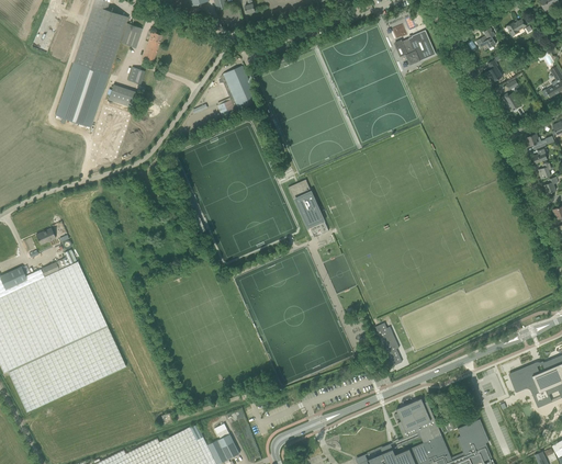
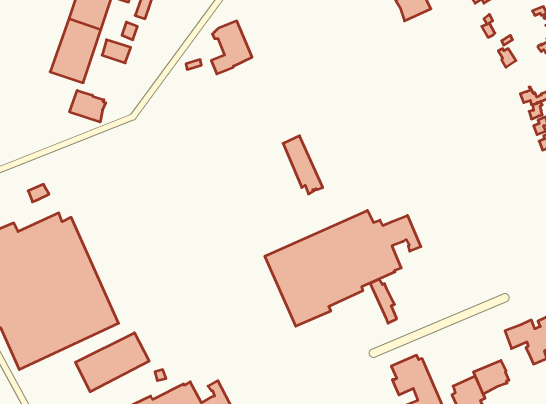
building: none -> [70,90,106,122]
building: none -> [265,210,421,326]
building: none -> [75,333,149,392]
building: none -> [474,360,509,394]

